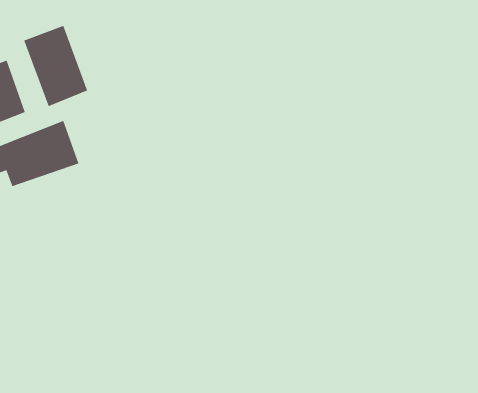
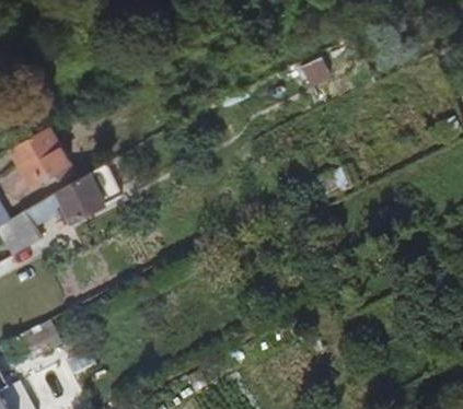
building: [23,25,88,107] -> none

